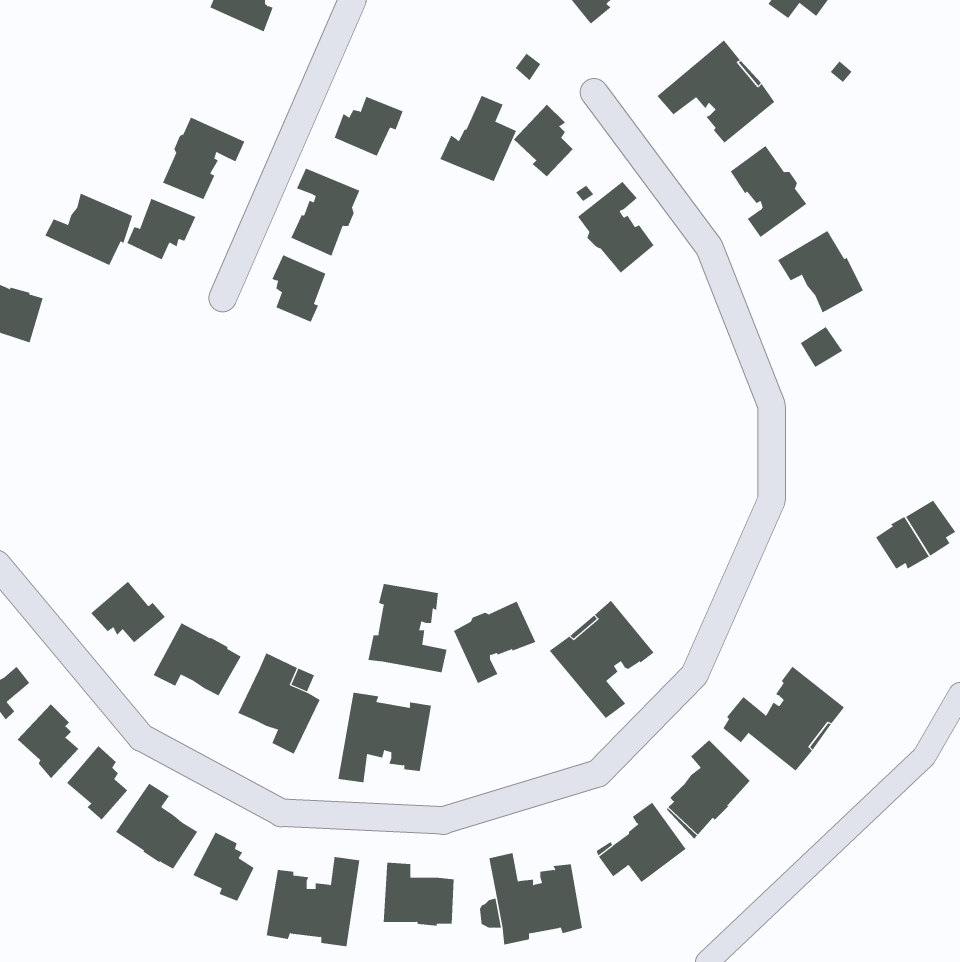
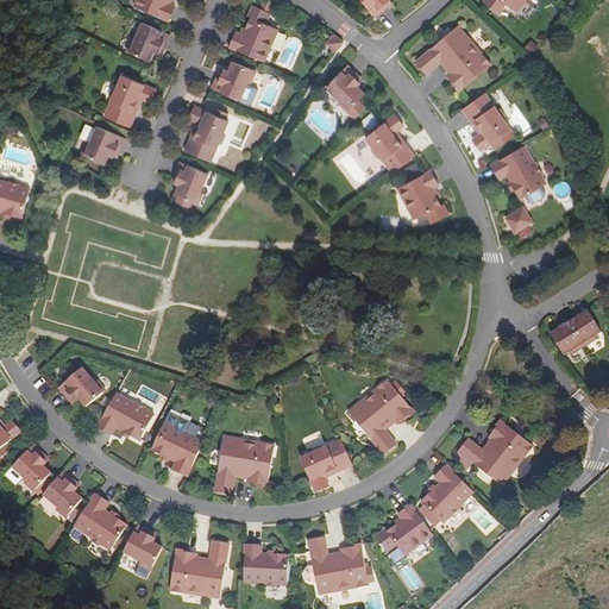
building: none -> [125,21,169,59]
building: [440,95,517,182] -> [228,6,277,61]
building: [45,193,133,266] -> none
building: none -> [396,170,444,224]
building: [368,583,447,673] -> none
building: [453,601,536,684] -> [299,439,351,491]

